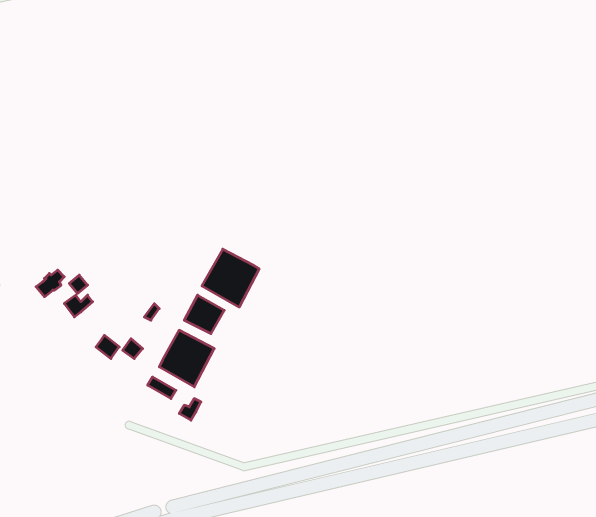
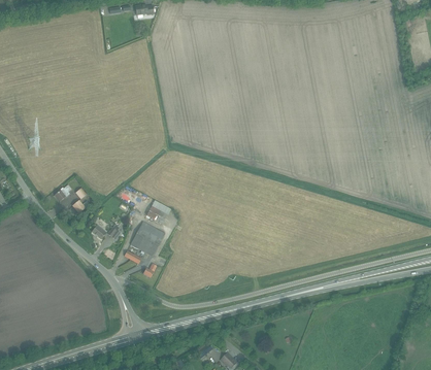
building: [202,249,259,307] -> none

